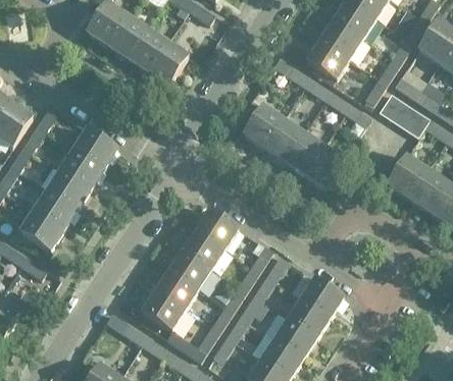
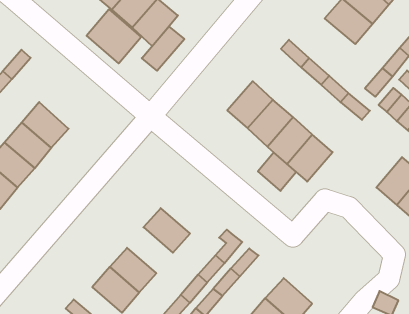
building: [306,39,350,78] -> none
building: none -> [87,9,141,63]
building: none -> [142,27,184,71]
building: [72,128,115,169] -> none
building: none -> [258,153,296,191]
building: [195,209,238,249] -> none
building: [169,249,211,288] -> none

